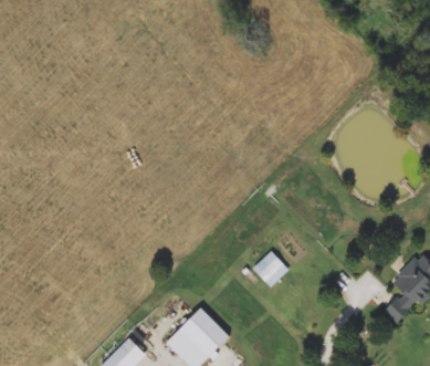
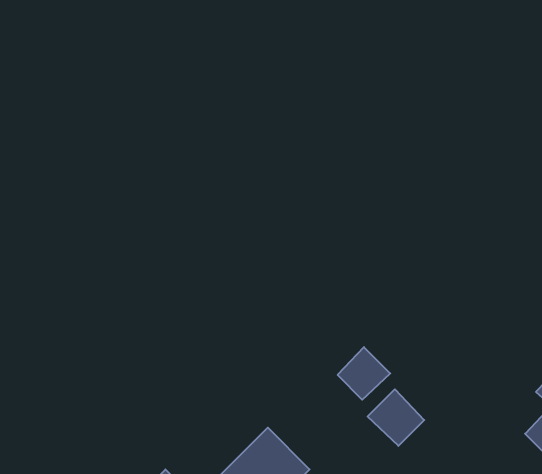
building: none -> [368,389,424,446]

